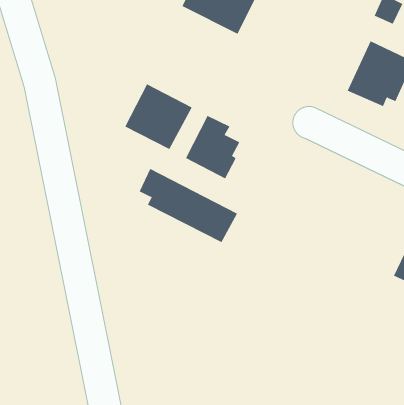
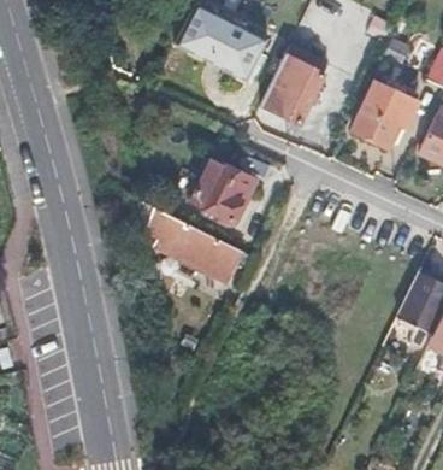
building: none -> [261,51,329,124]
building: [124,84,193,150] -> none

